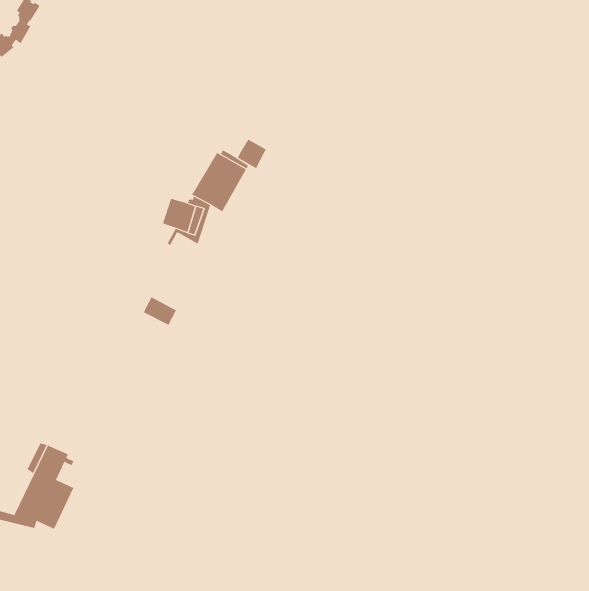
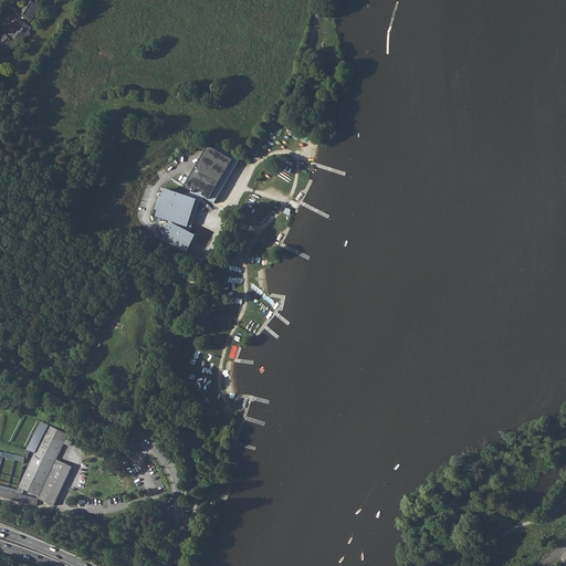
building: [237,139,266,169] -> none
building: [143,296,177,325] -> [161,222,193,250]

